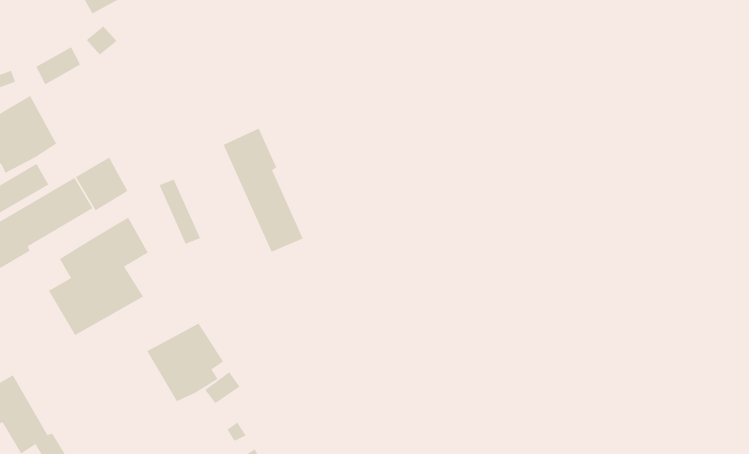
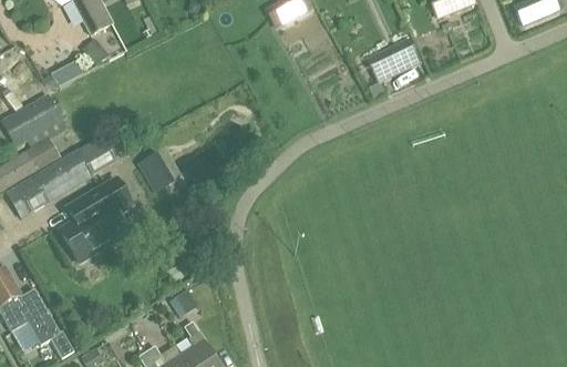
building: none -> [370,45,417,82]
building: [223,128,304,253] -> none
building: [146,322,224,402] -> none

